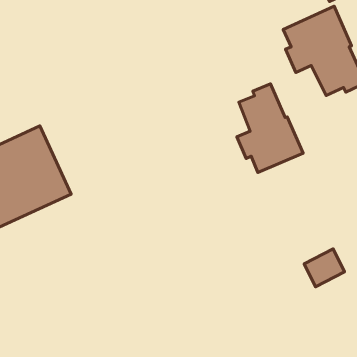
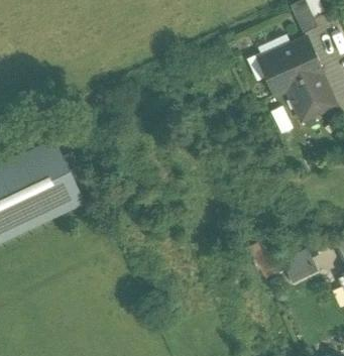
building: [237,84,303,173] -> none

